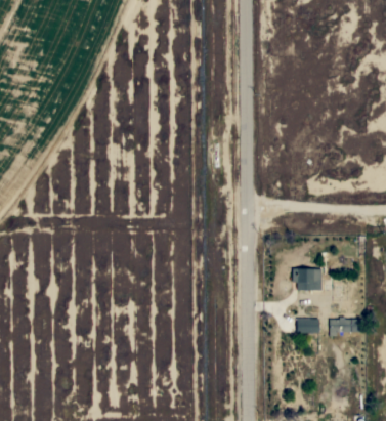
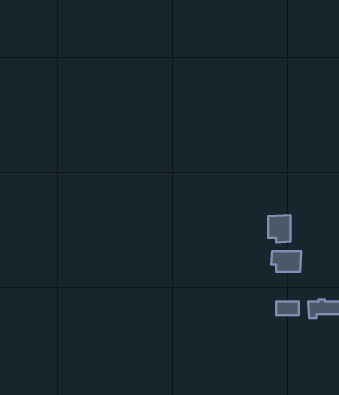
building: none -> [268,215,291,242]

